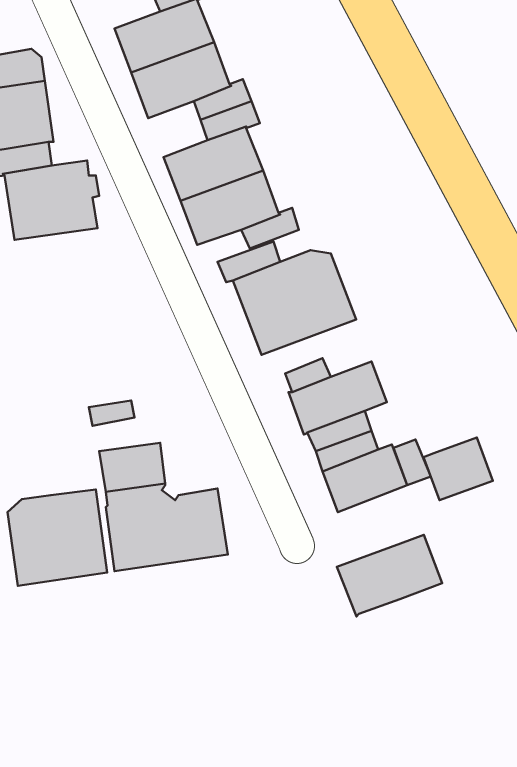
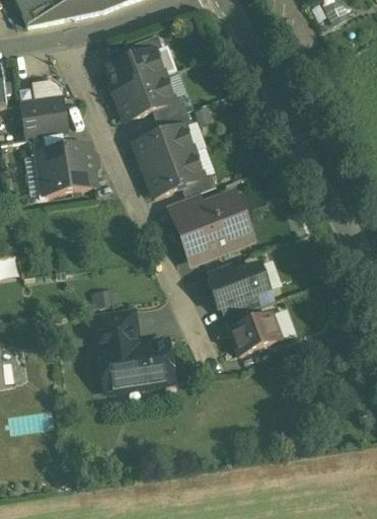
building: [423,438,493,500] -> none
building: [8,489,107,586] -> none
building: [337,535,442,616] -> none

